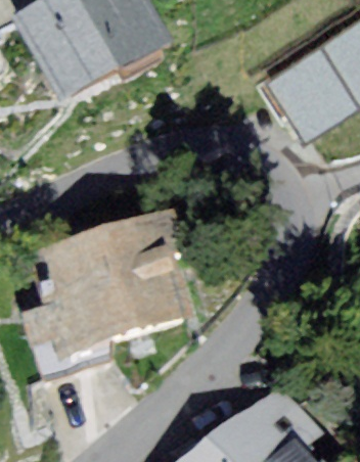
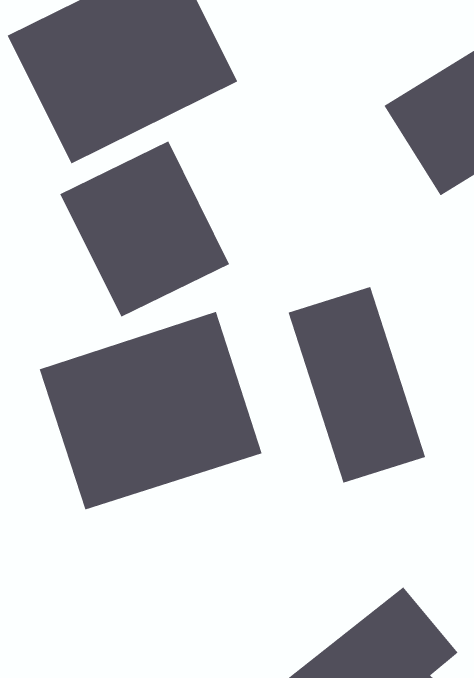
building: none -> [60,141,230,318]
building: none -> [288,286,426,483]

